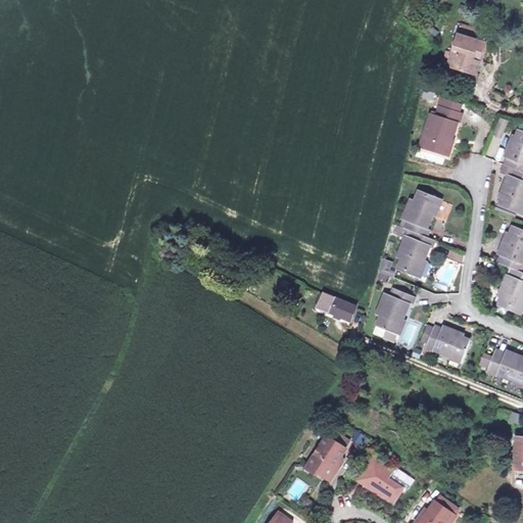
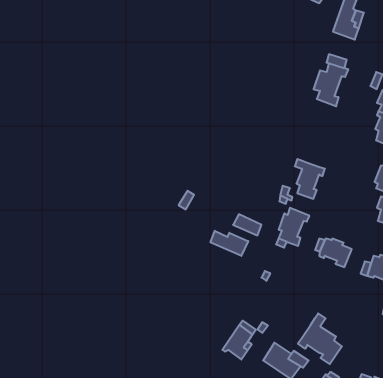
building: [403,193,440,237] -> none
building: none -> [211,231,248,256]
building: none -> [298,313,342,364]

